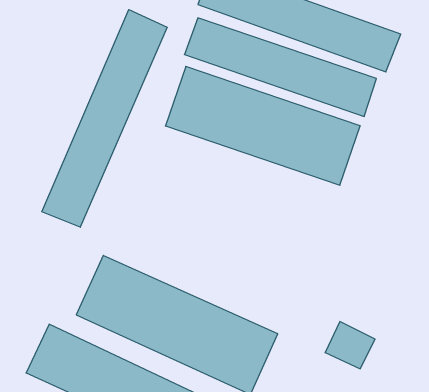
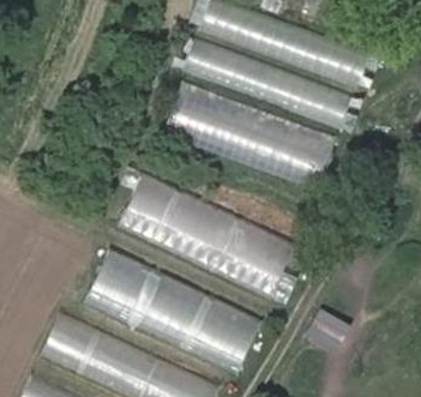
building: [42,10,167,227] -> none
building: none -> [120,176,296,295]

